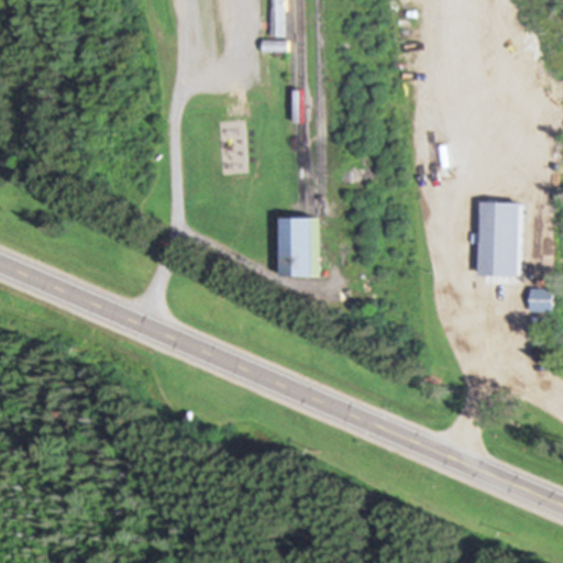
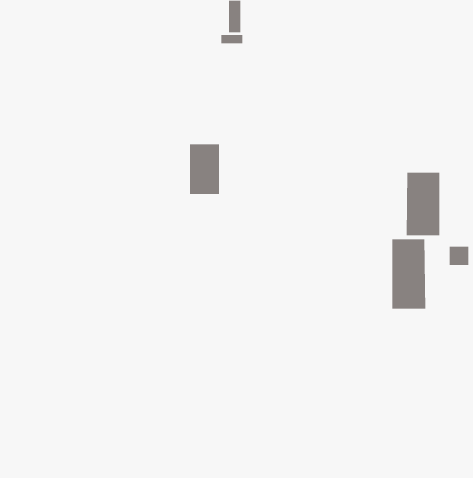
building: [279,217,316,276] -> [189,144,220,195]
building: none -> [392,238,426,309]

